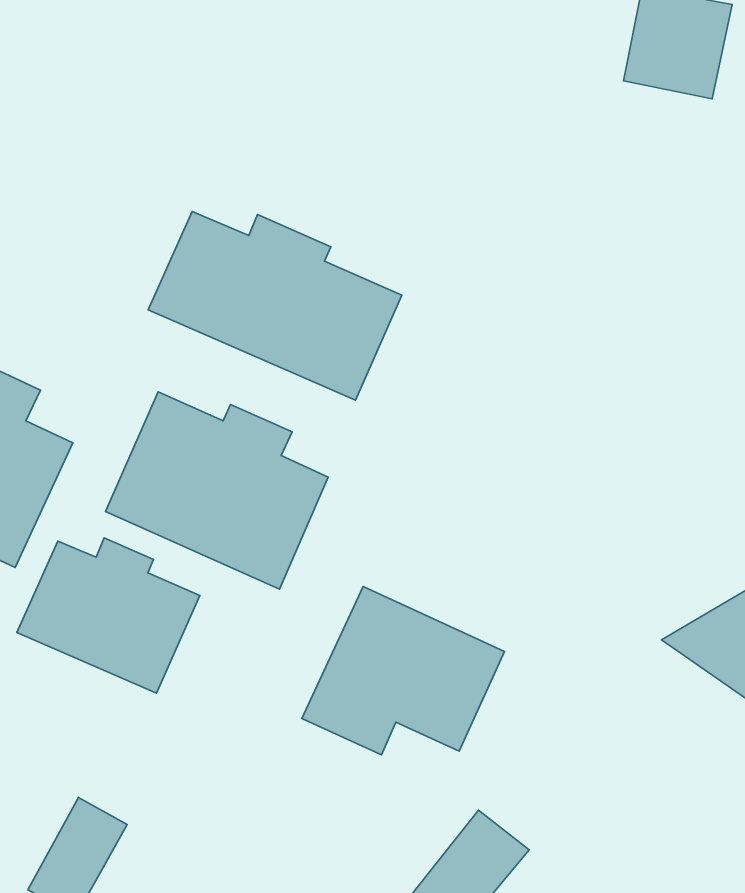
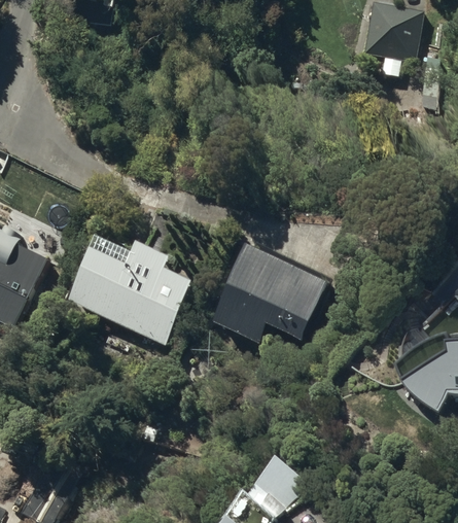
building: [148,211,402,400] -> none
building: [17,538,200,693] -> none
building: [302,587,505,755] -> [213,244,328,340]

